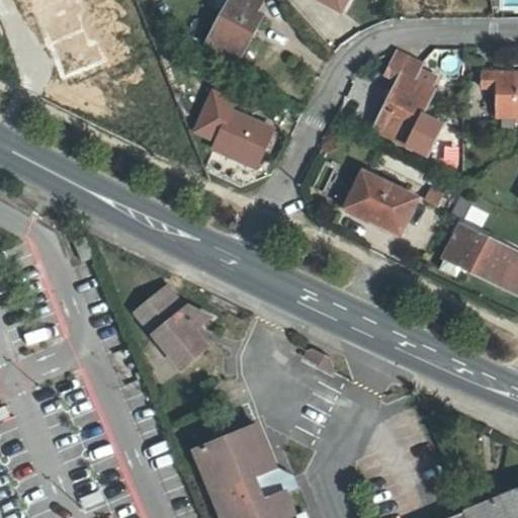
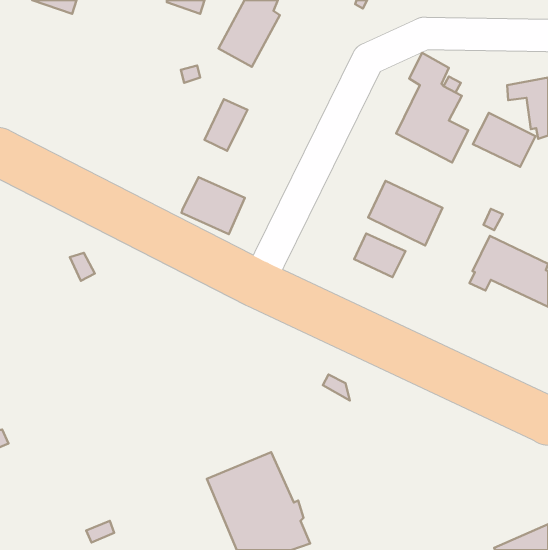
building: none -> [473,113,536,167]
building: [212,111,272,165] -> [181,177,245,234]
building: none -> [354,234,405,277]
building: [133,286,204,368] -> none

